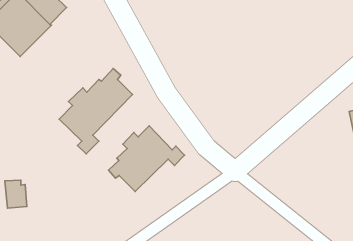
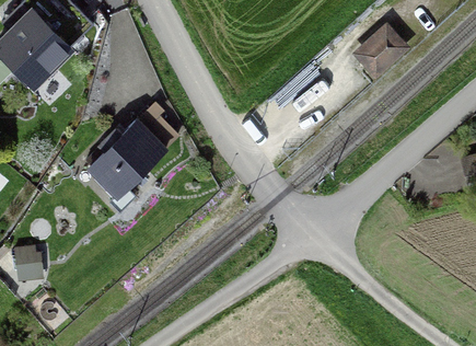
building: none -> [351,24,409,81]
building: [108,126,185,191] -> none

